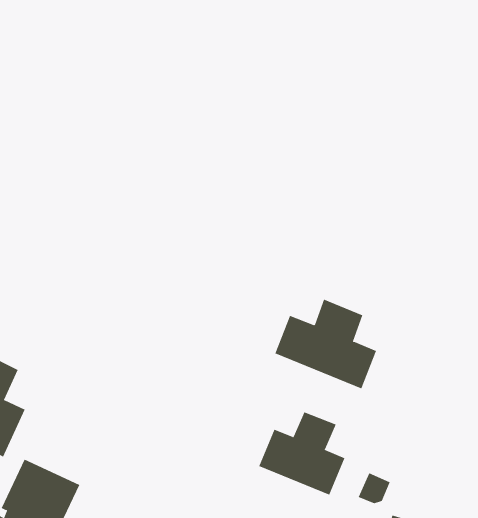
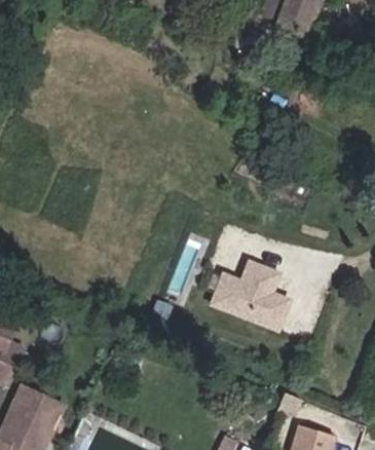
building: [258,411,345,495] -> none

